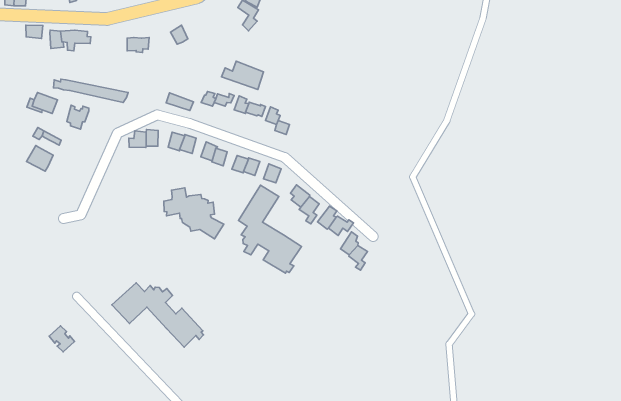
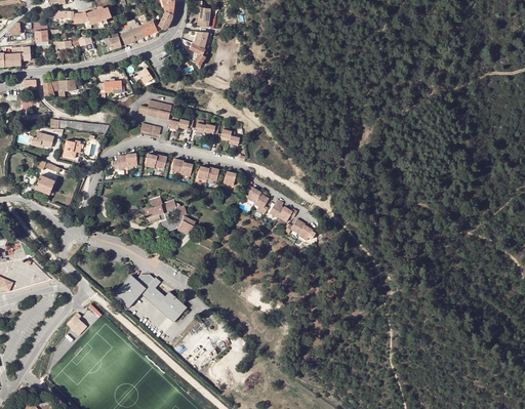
building: [222,61,264,89] -> [137,98,170,119]
building: [239,185,302,273] -> none

